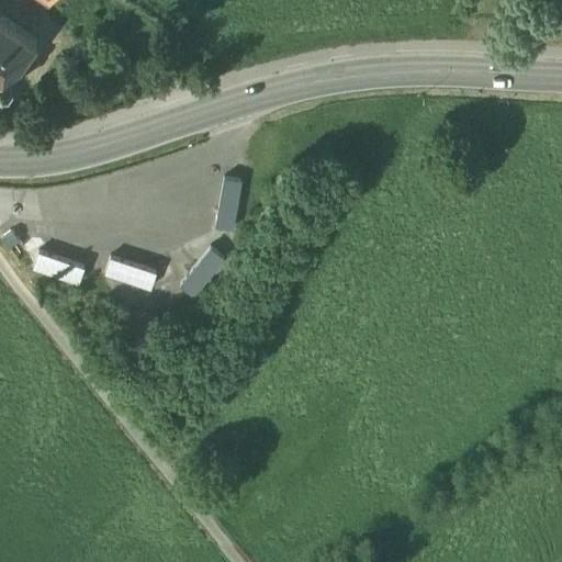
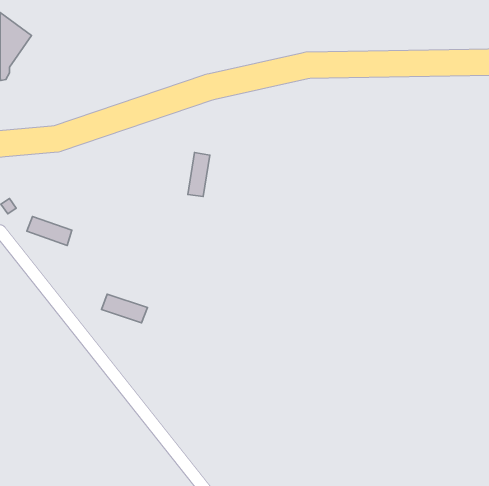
building: [180,249,224,297] -> none
building: [104,257,157,290] -> [101,294,147,323]

